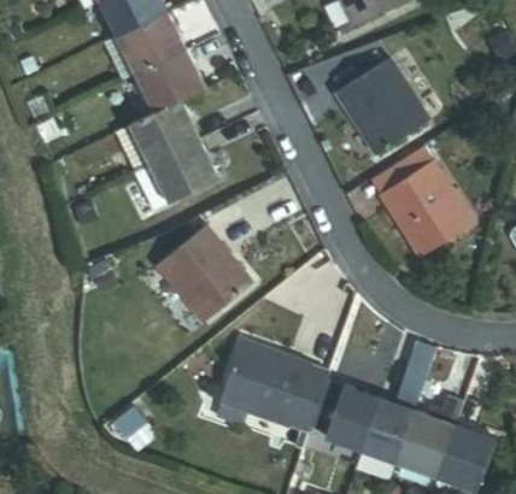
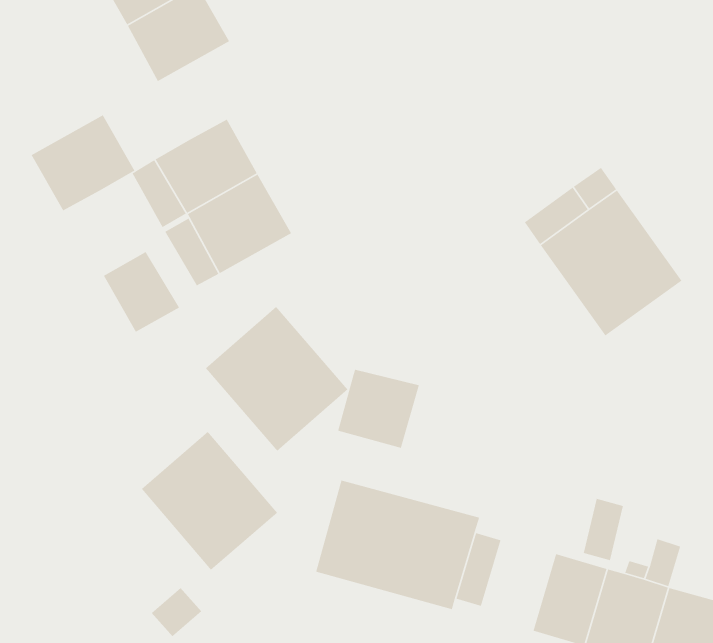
building: [135,48,204,111] -> [30,114,136,211]
building: [336,57,429,153] -> none
building: none -> [103,251,180,333]
building: none -> [337,369,420,449]
building: none -> [141,431,278,571]
building: [327,386,380,448] -> none

